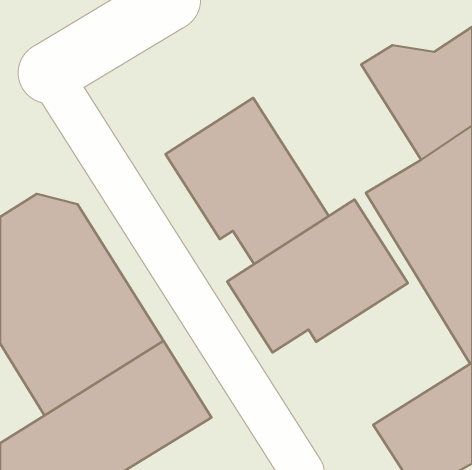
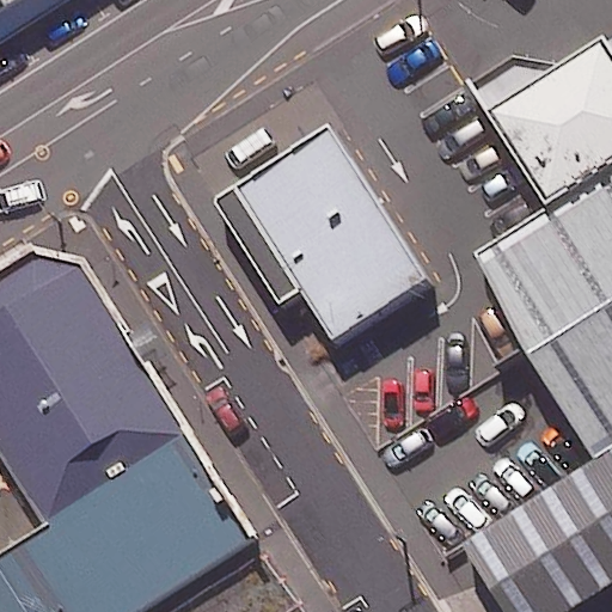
building: [227,200,408,352] -> none

